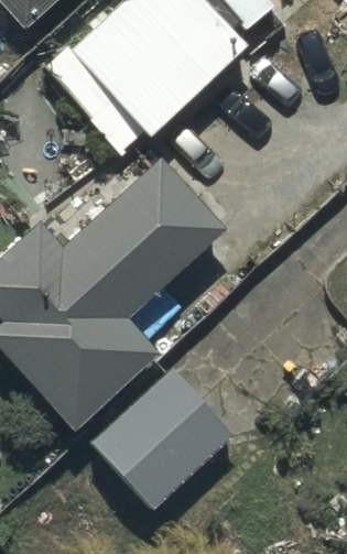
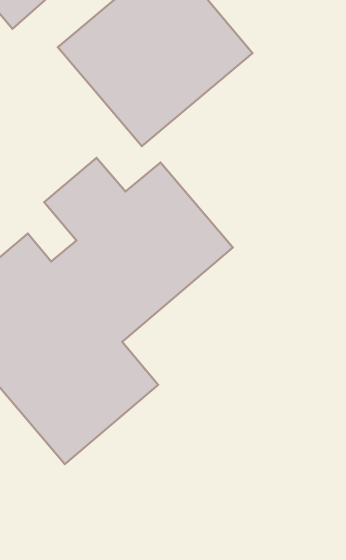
building: [89,369,234,512] -> none

